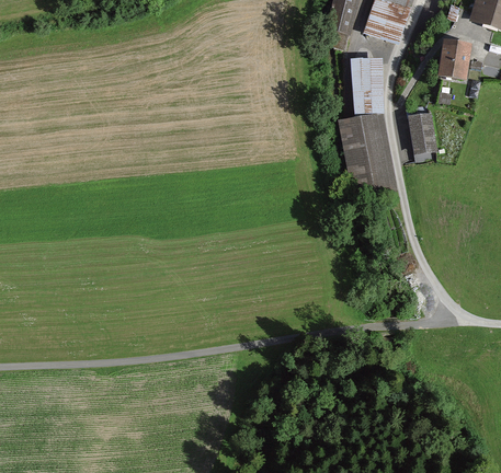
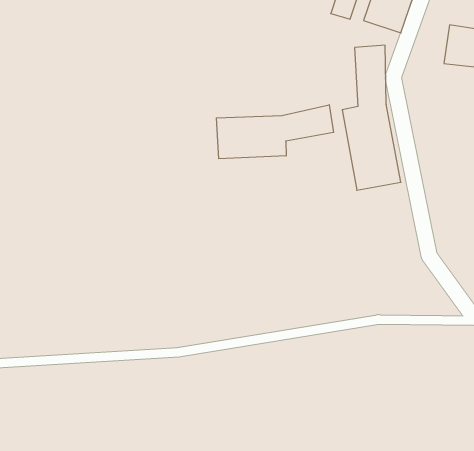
building: none -> [216,105,334,159]
building: [405,113,434,153] -> none

